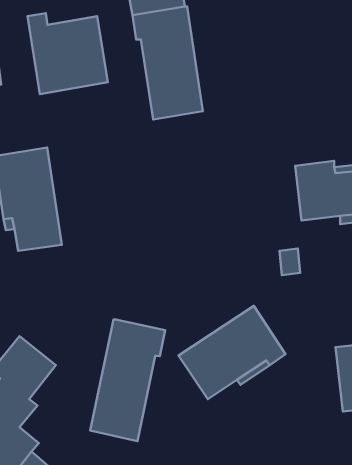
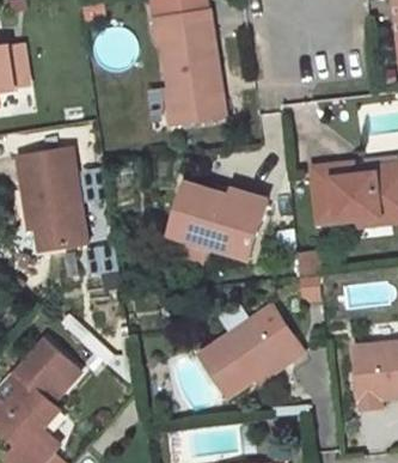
building: [27,13,108,94] -> none
building: none -> [171,182,267,257]
building: [90,319,165,441] -> none

